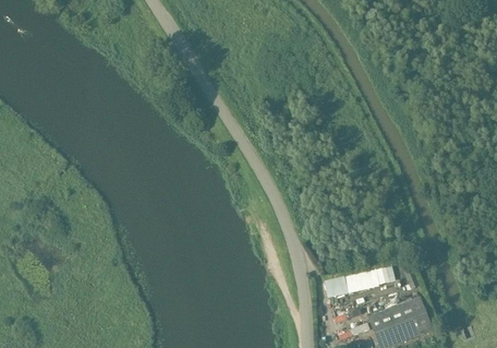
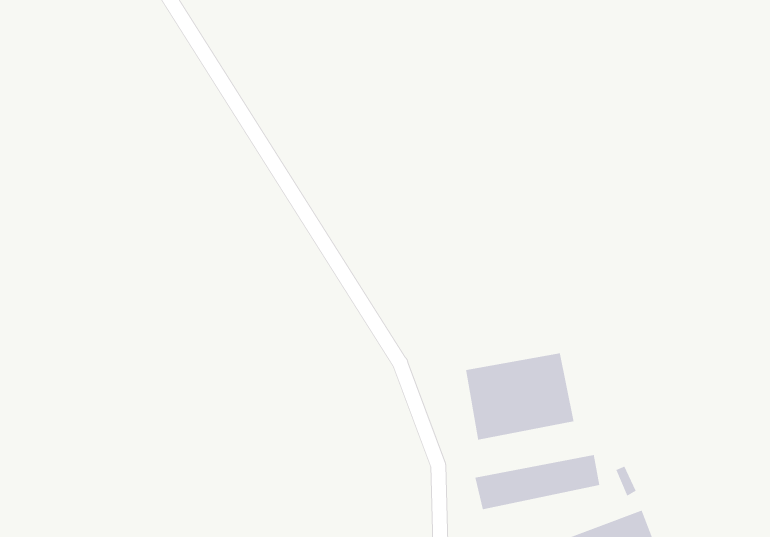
building: none -> [465,352,574,440]

